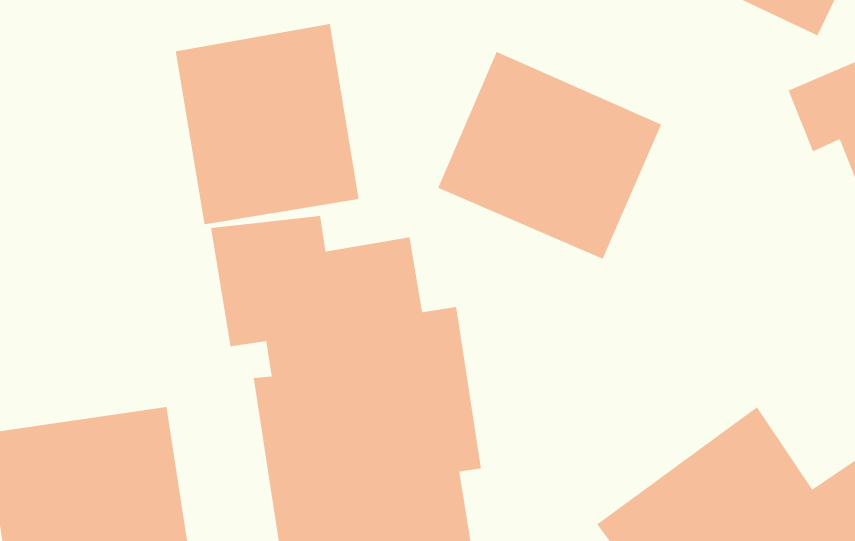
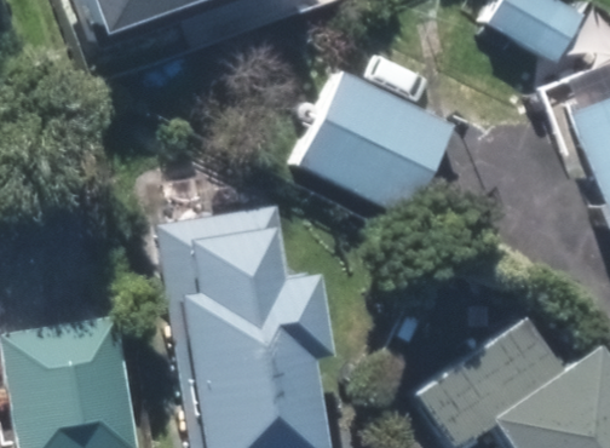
building: [175,23,359,225] -> none

